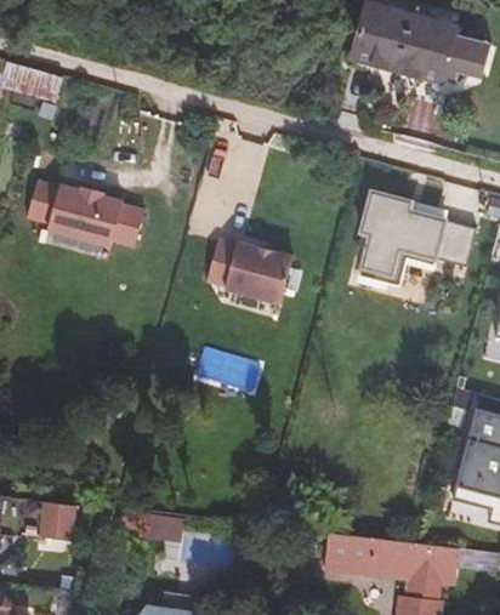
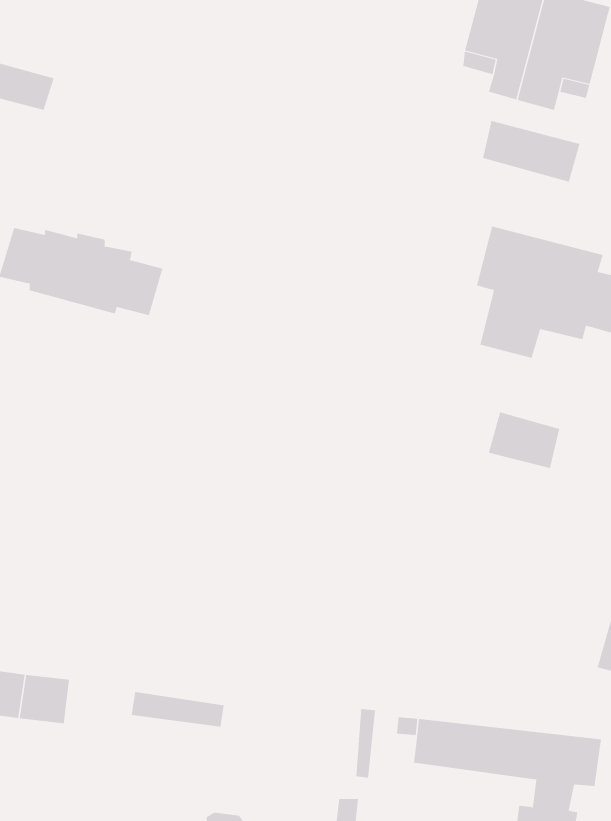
building: none -> [483,120,580,183]
building: [205,243,292,304] -> none
building: none -> [488,411,560,469]

